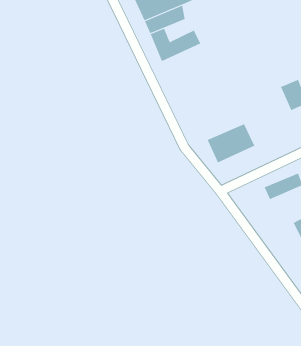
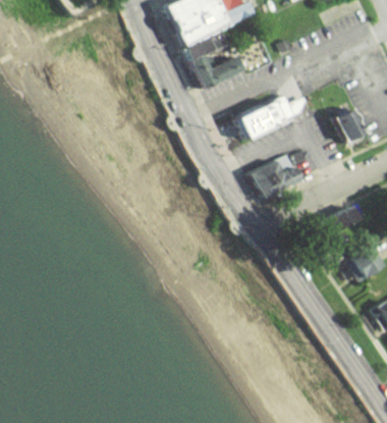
building: none -> [233,95,295,140]

